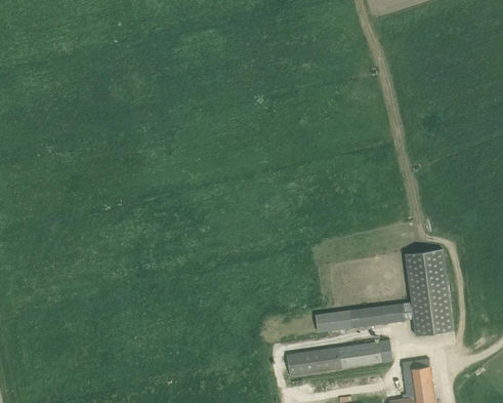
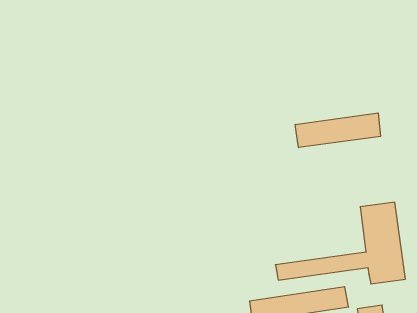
building: none -> [295,113,381,148]

